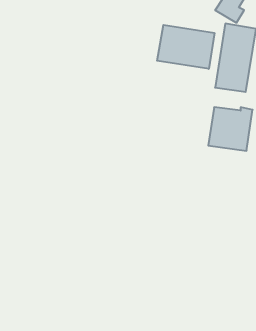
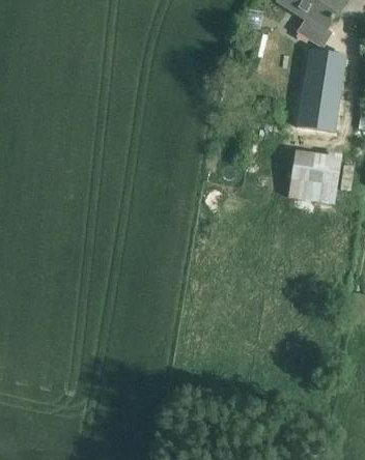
building: [157,25,214,69] -> none

